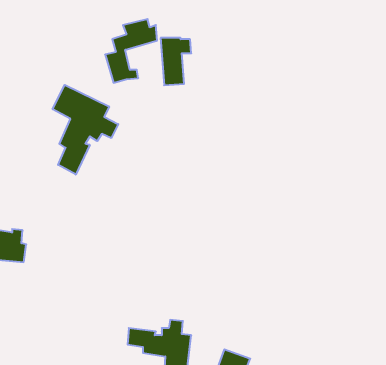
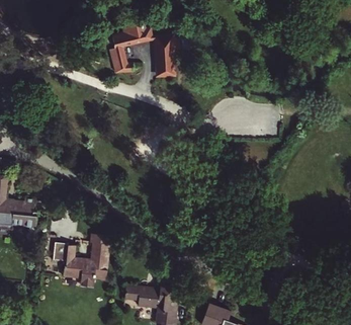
building: [53,85,118,175] -> none
building: none -> [54,235,111,289]

